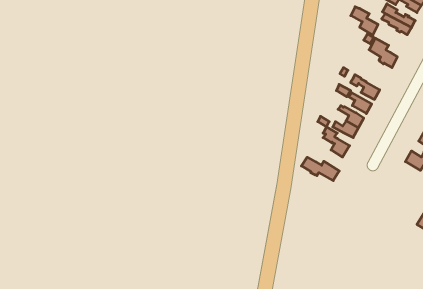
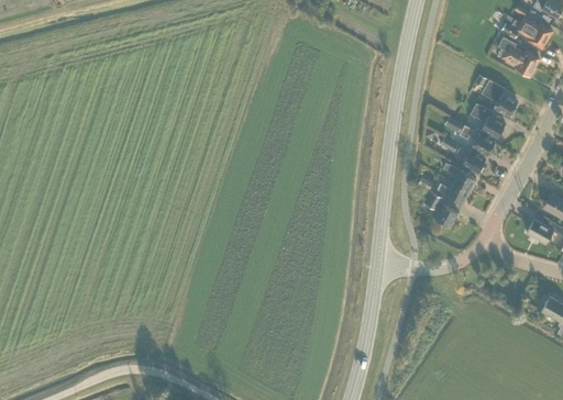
building: [351,7,378,35] -> [471,101,505,136]
building: [301,157,339,181] -> none

